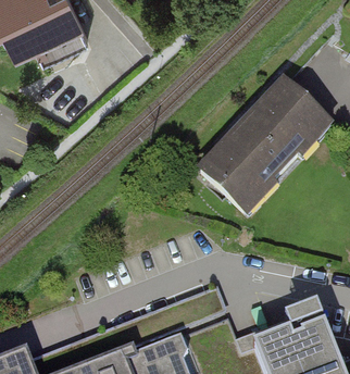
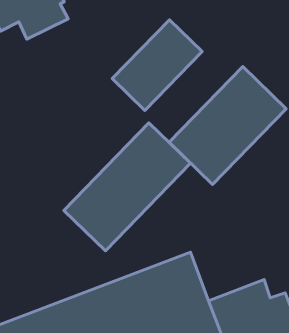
building: none -> [112,20,202,110]
building: none -> [64,123,191,251]

